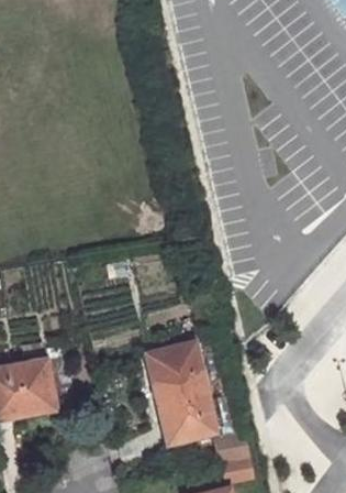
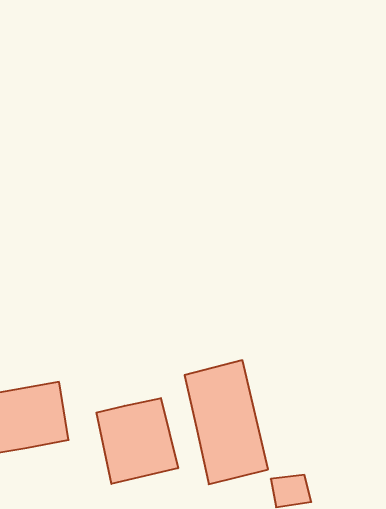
building: none -> [96,398,178,484]

